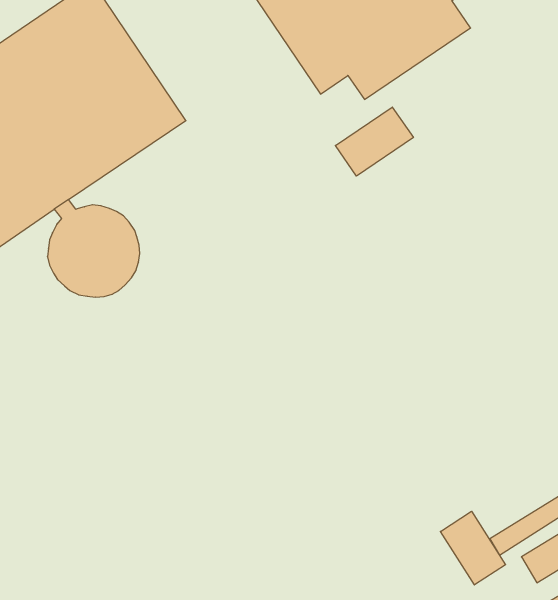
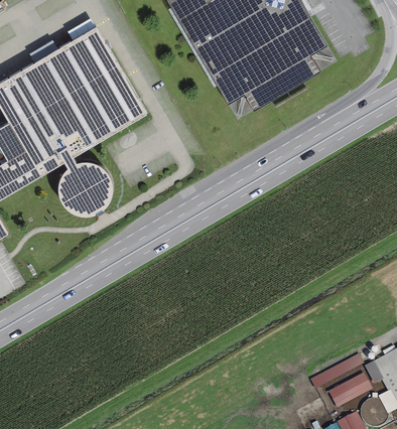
building: [335,107,413,176] -> none
building: [440,511,506,585] -> none

